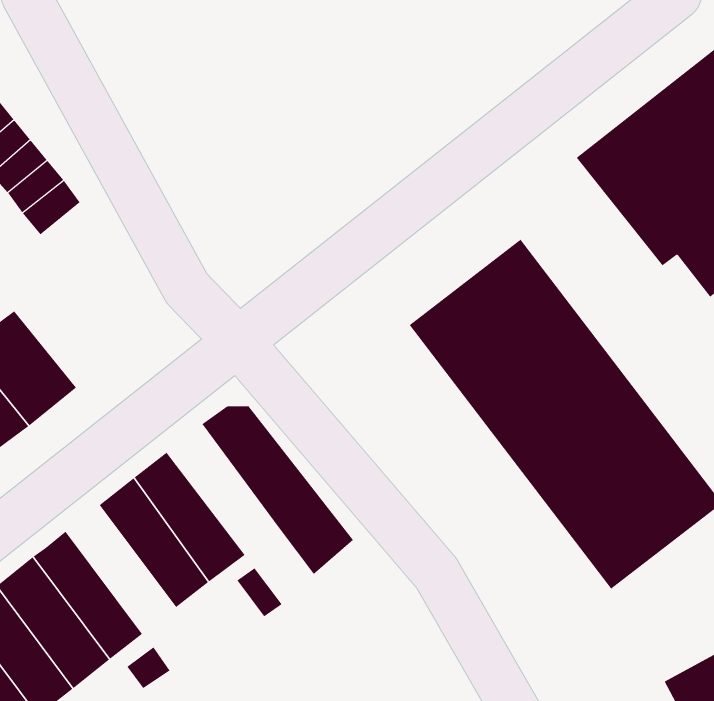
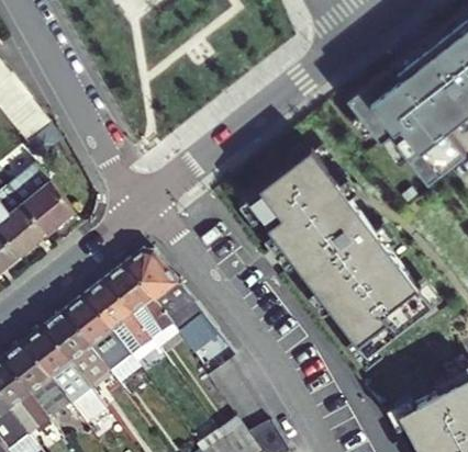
building: none -> [8,169,75,239]
building: none -> [101,261,168,339]
building: none -> [41,309,107,386]

